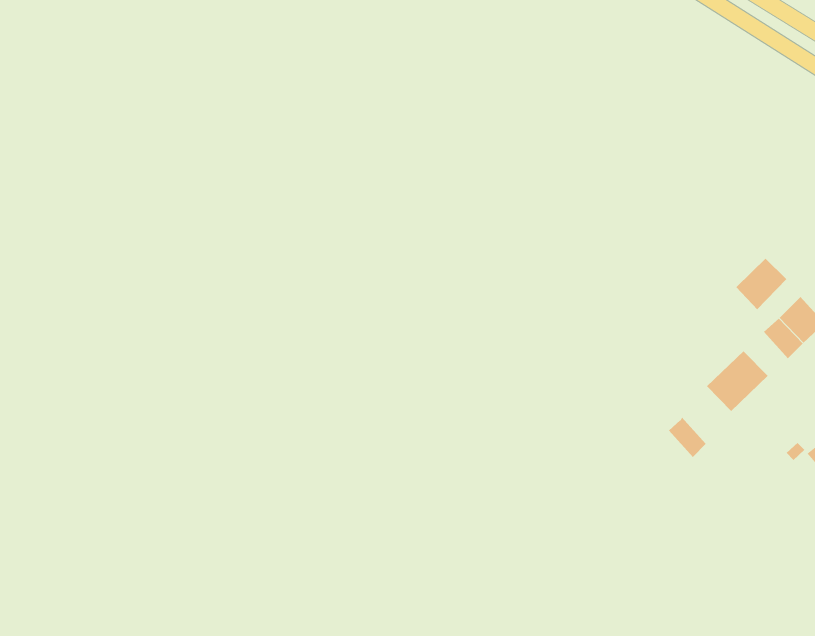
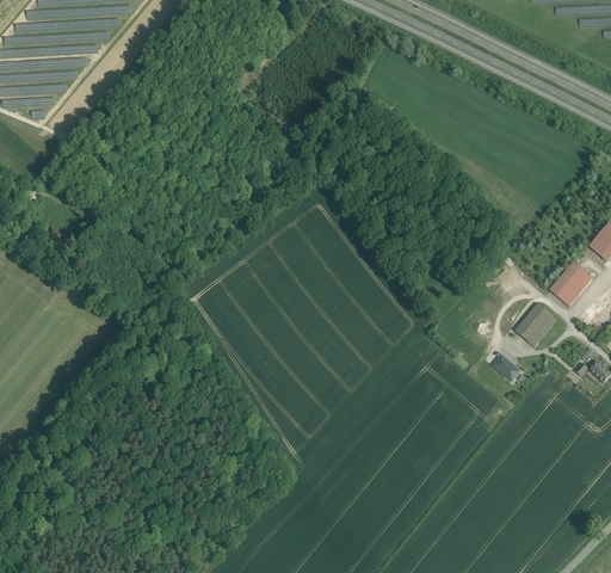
building: [736,258,787,310] -> none

